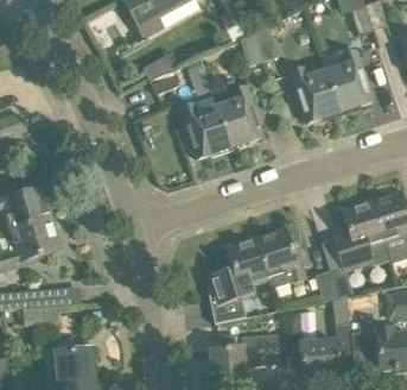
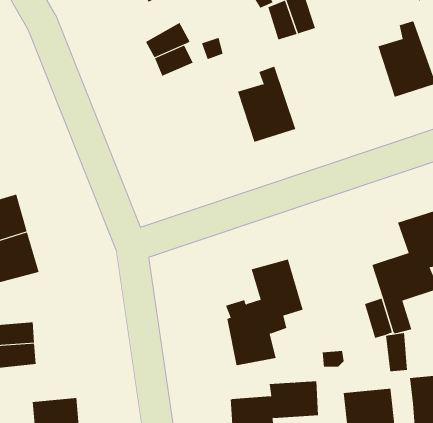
building: [290,67,339,121] -> none
building: [180,102,229,157] -> none
building: [256,228,305,288] -> none

